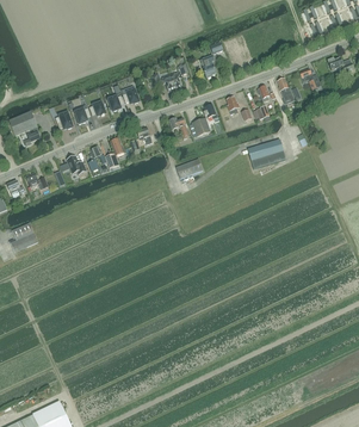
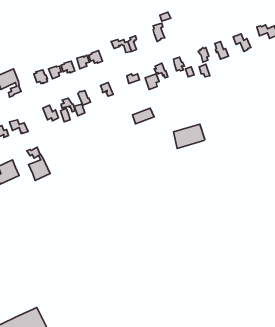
building: [247,138,285,168] -> [173,124,205,148]
building: none -> [27,147,50,180]

